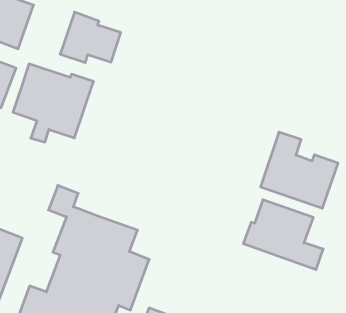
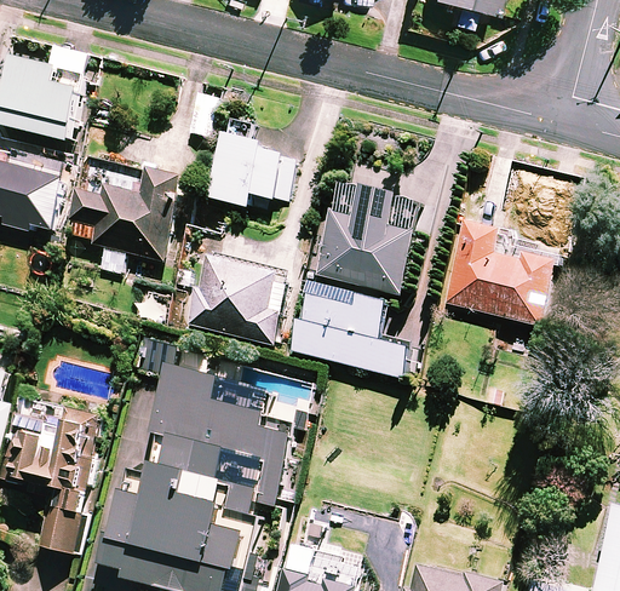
building: [60,12,121,63] -> [208,133,294,206]
building: none -> [316,183,417,296]
building: none -> [189,253,289,345]
building: [243,200,323,270] -> [289,282,408,377]

